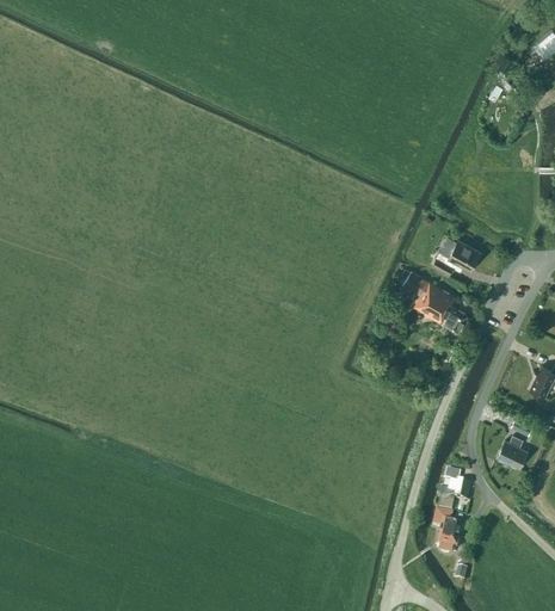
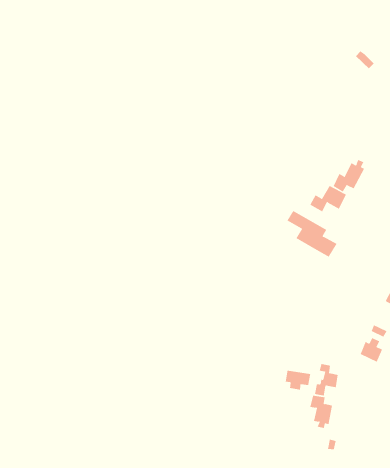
building: none -> [333,159,365,193]
building: none -> [285,370,311,390]

